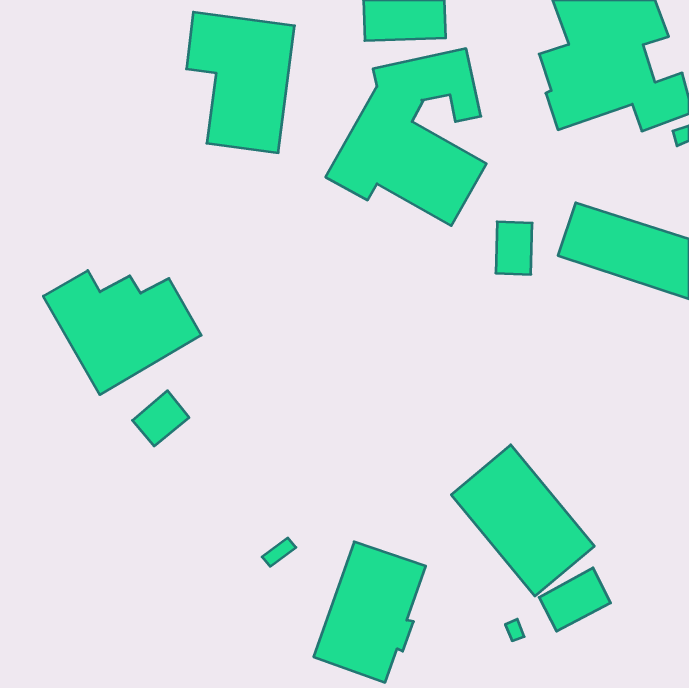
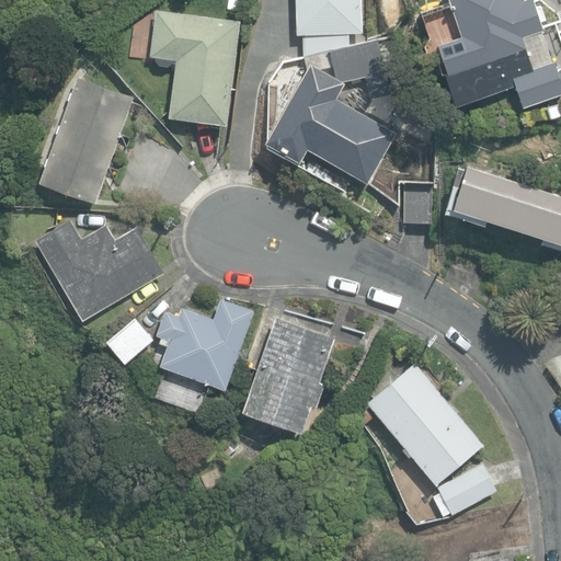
building: none -> [39,79,134,205]
building: none -> [156,299,253,390]
building: [314,542,426,682] -> [243,319,334,433]

